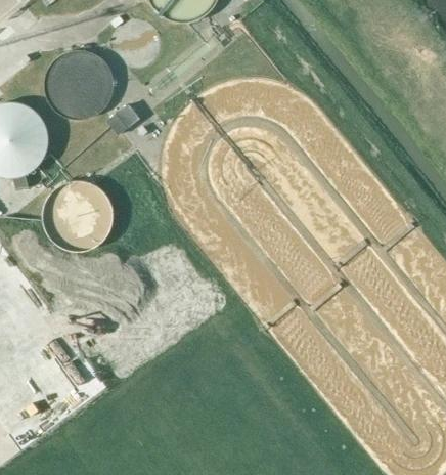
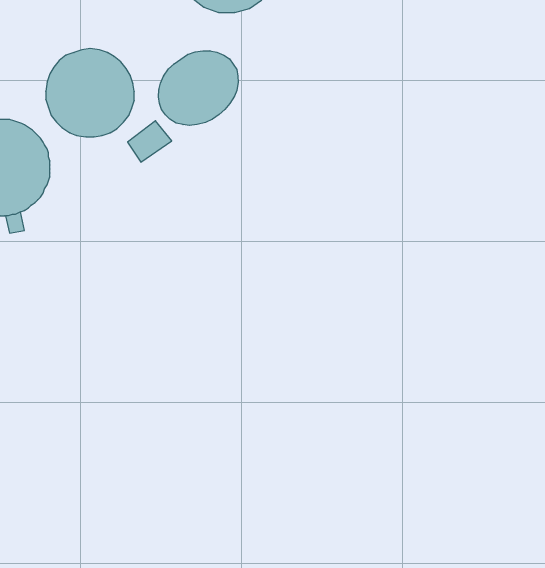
building: none -> [158,51,238,125]
building: [43,180,114,251] -> none

